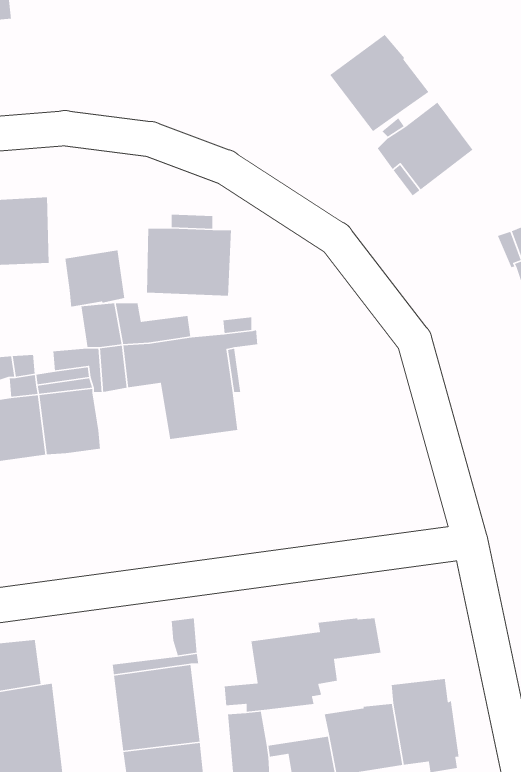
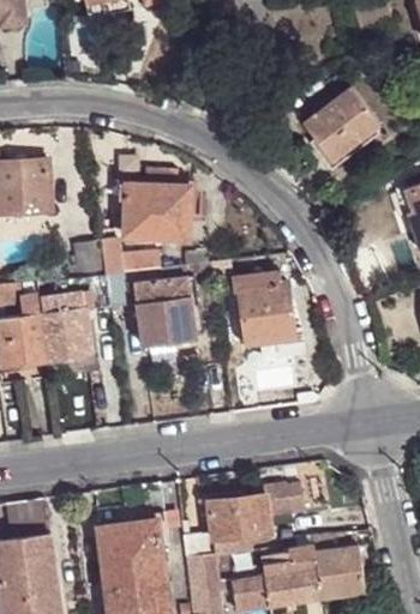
building: [329,34,430,132] -> none
building: [65,250,125,307] -> none
building: none -> [236,281,289,344]

